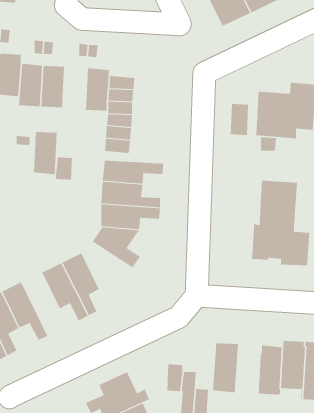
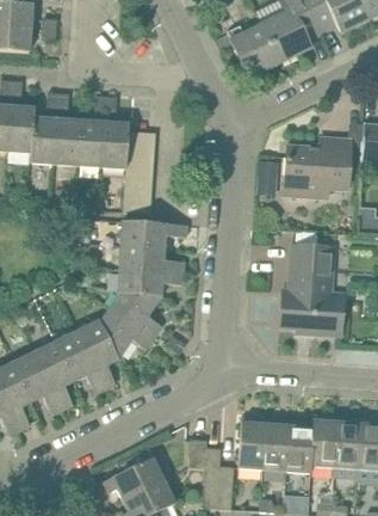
building: [33,131,58,175] -> [79,119,105,166]
building: none -> [100,307,154,358]
building: none -> [35,340,75,408]
building: none -> [264,417,291,471]

